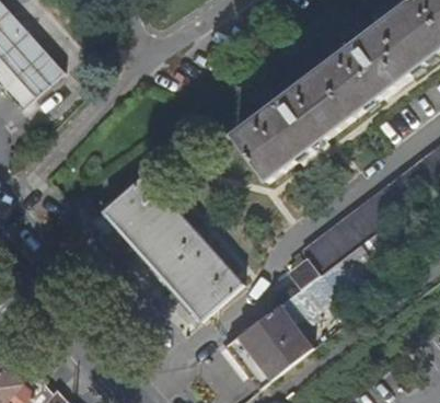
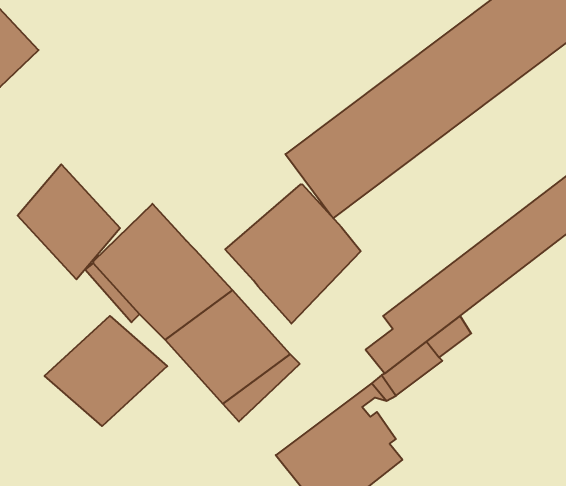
building: none -> [18,164,120,279]
building: none -> [225,184,361,324]
building: none -> [45,316,167,426]

